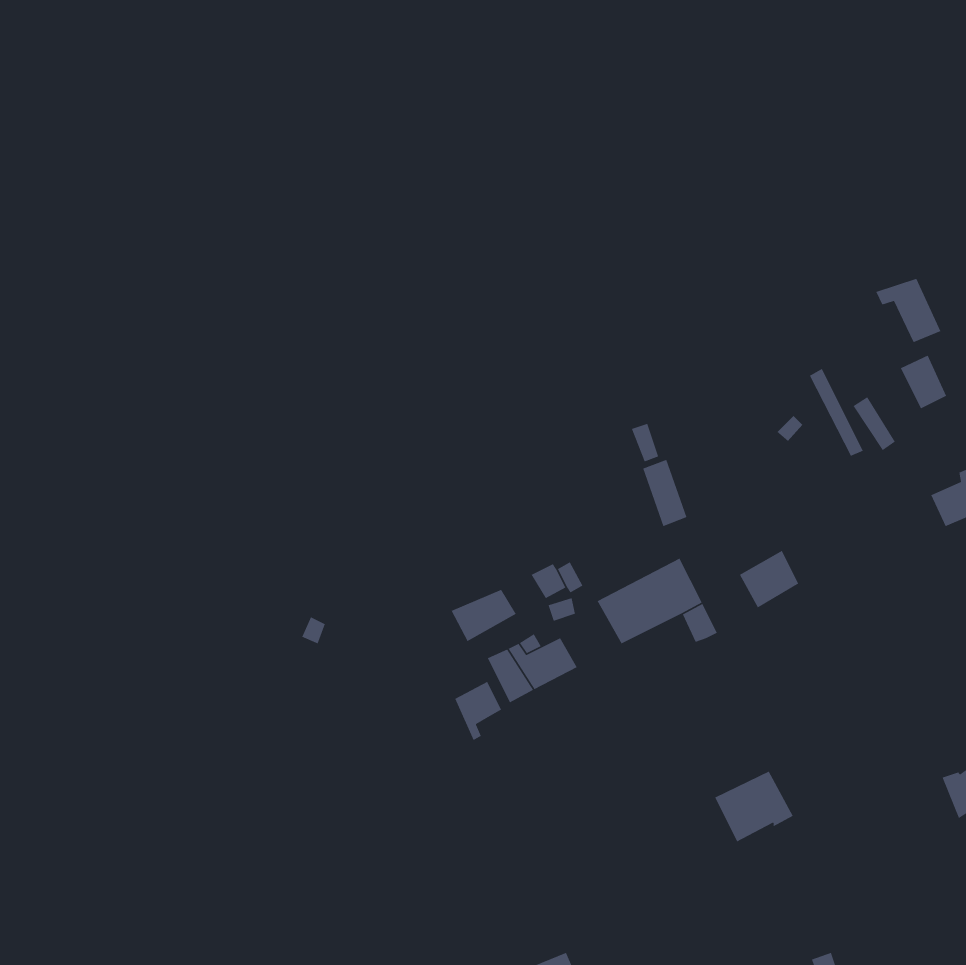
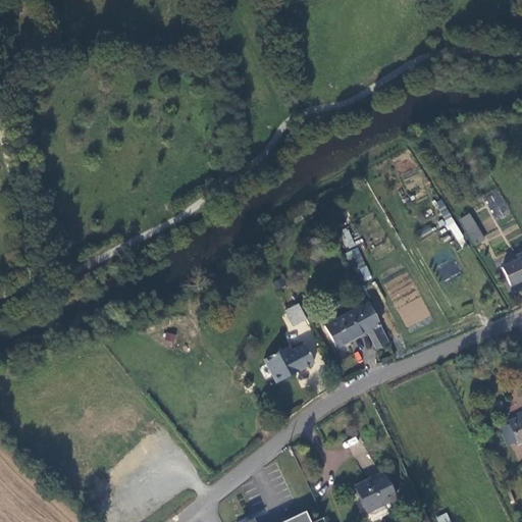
building: [875,278,942,343] -> none
building: [450,589,517,642] -> none
building: [454,681,502,741] -> none
building: [714,771,794,843] -> [356,473,399,512]

